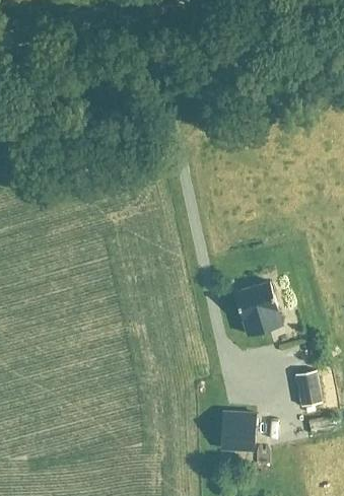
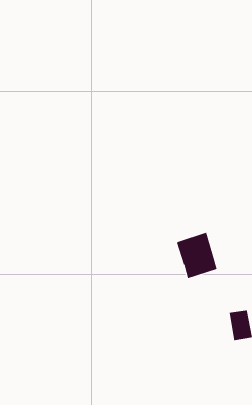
building: [222,413,256,453] -> none

